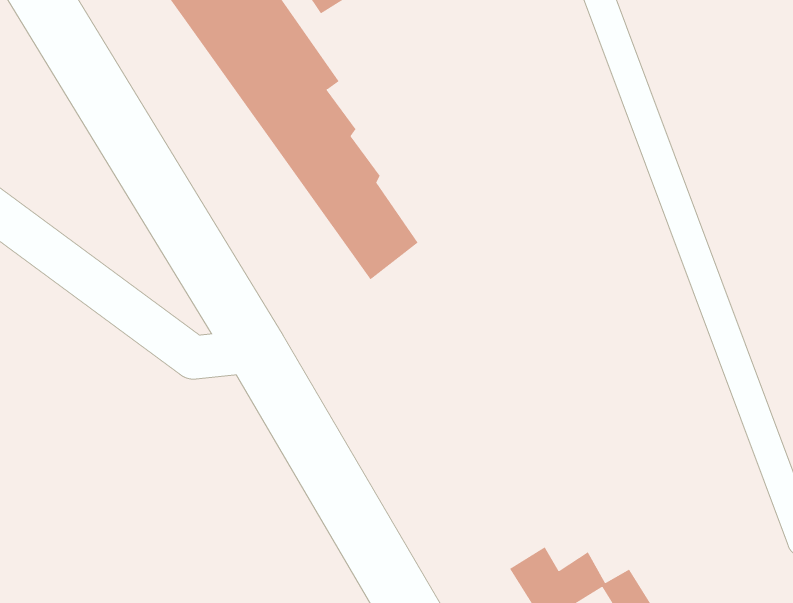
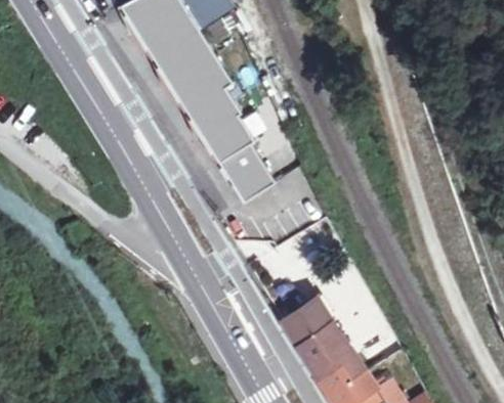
building: none -> [294,298,378,376]

